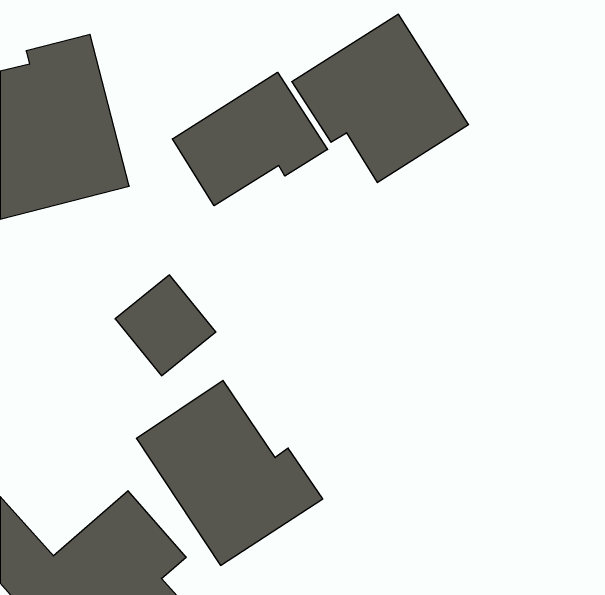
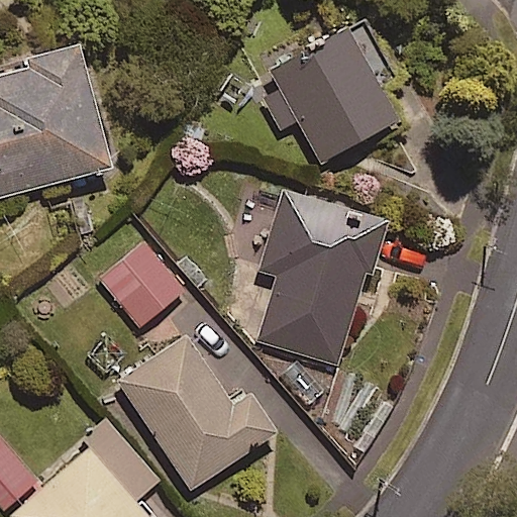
building: [172,72,328,206] -> none
building: none -> [260,191,385,366]

